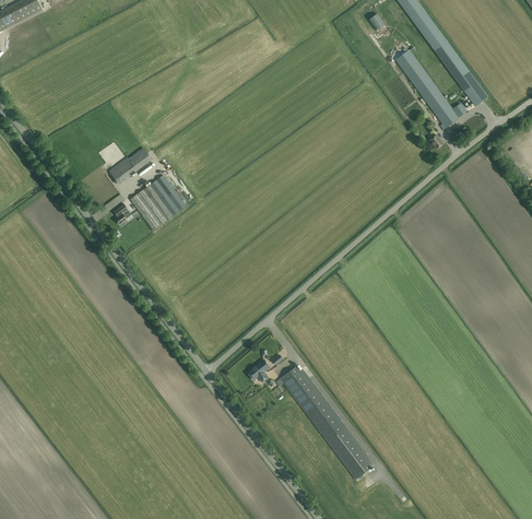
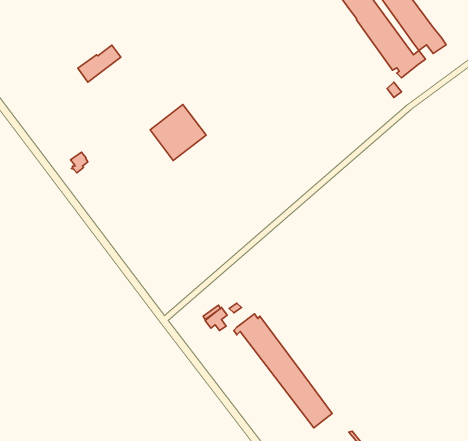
building: [109,146,152,184] -> [78,45,121,82]
building: [130,174,186,229] -> [150,105,206,160]

